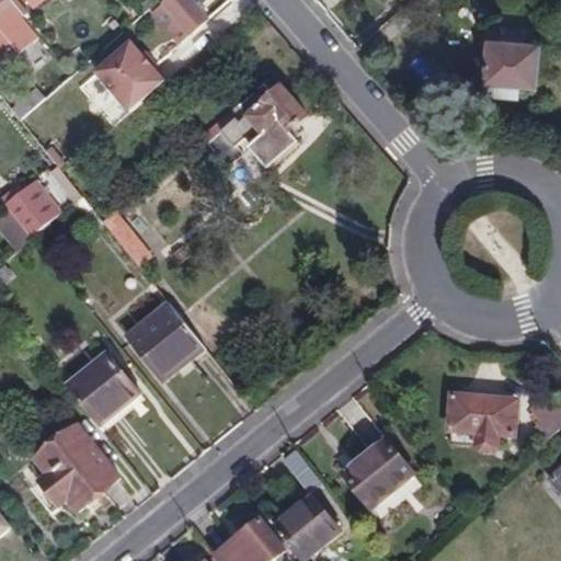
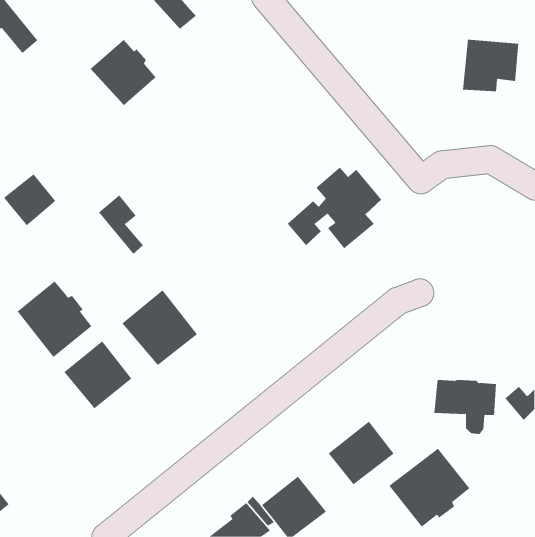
building: [205,83,304,169] -> [287,167,382,249]
building: none -> [17,281,92,358]
building: [34,421,118,507] -> none
building: none -> [389,448,470,527]

